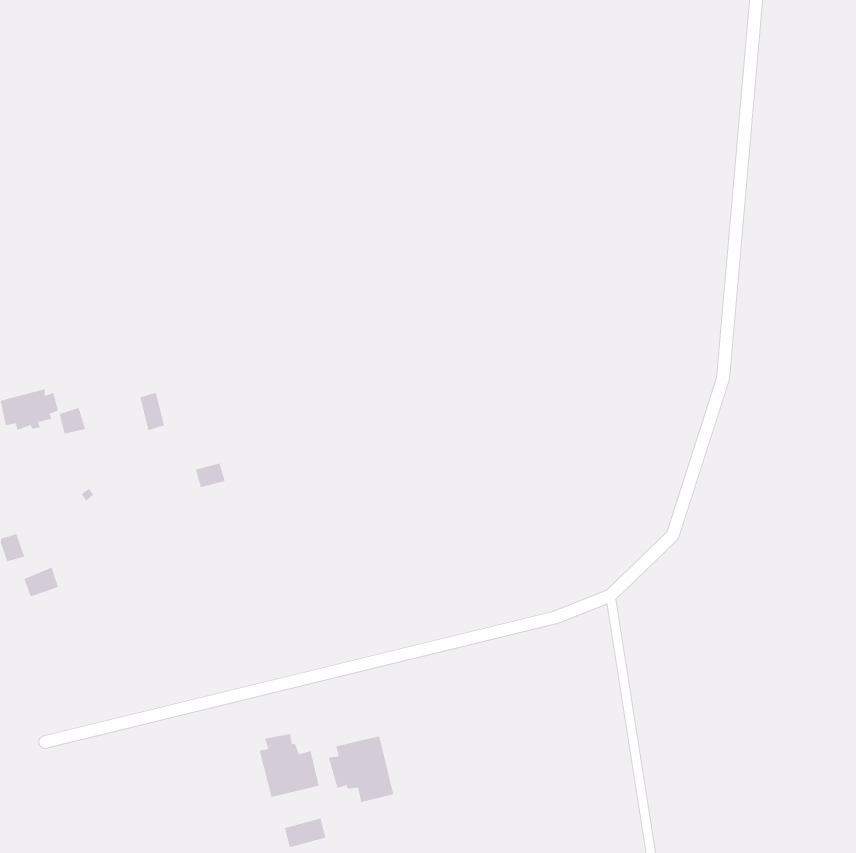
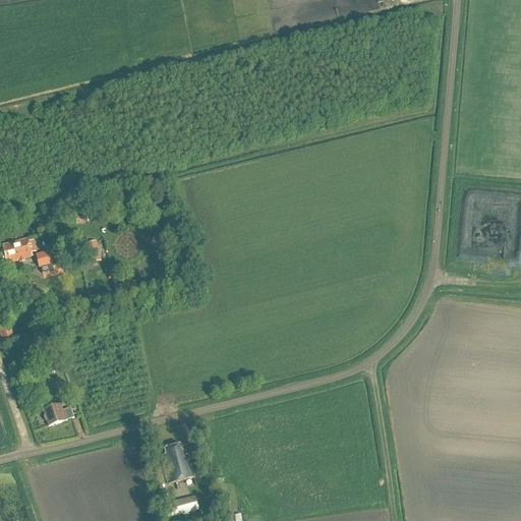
building: none -> [44,402,74,424]
building: [328,736,394,803] -> none

